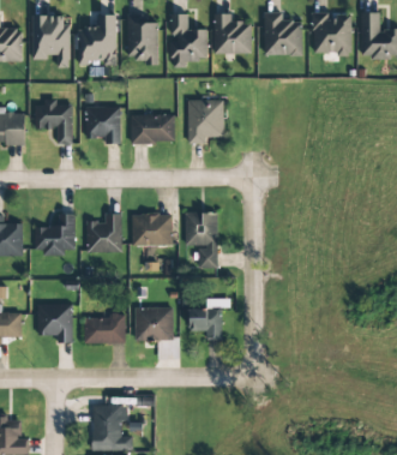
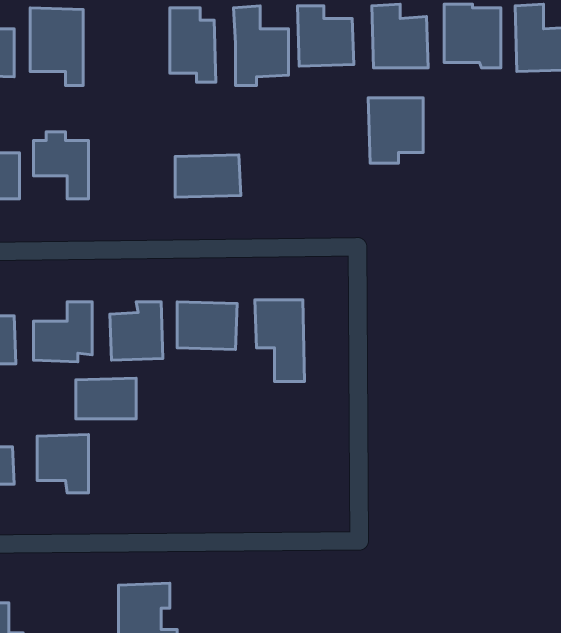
building: [79,14,118,66] -> none
building: [188,100,225,144] -> [368,98,423,163]
building: [86,107,122,144] -> none
building: [190,299,229,340] -> none
building: [136,307,175,341] -> none
building: [85,316,126,343] -> [76,378,136,419]

